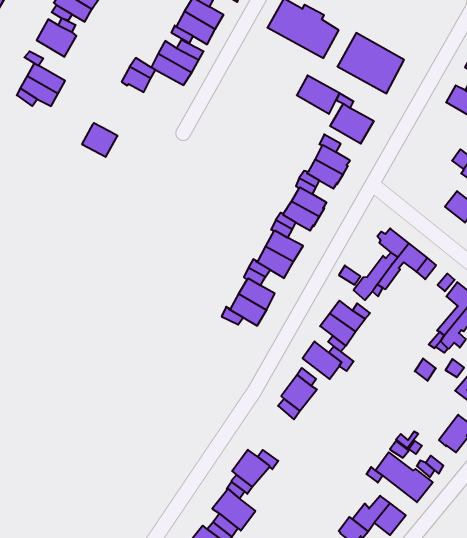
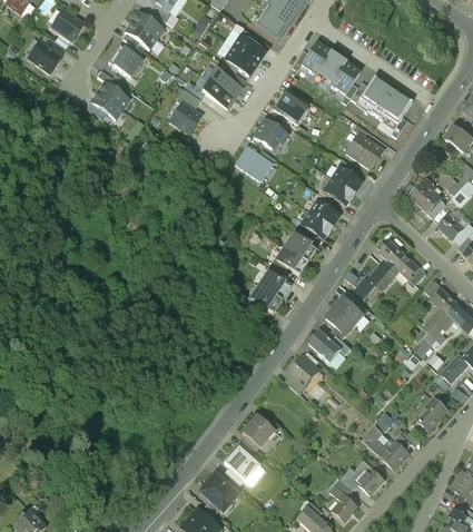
building: [297,75,340,114] -> [273,91,308,125]
building: none -> [254,119,287,148]
building: [82,123,118,157] -> [170,104,200,132]
building: none -> [235,147,273,181]
building: none -> [408,177,445,219]

